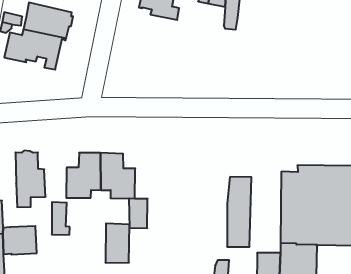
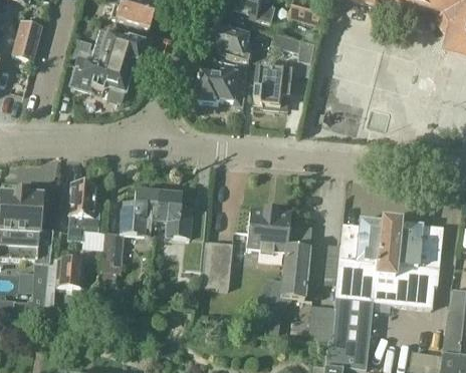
building: none -> [199,63,249,107]
building: none -> [255,65,295,106]
building: none -> [247,209,291,253]
building: [105,223,129,263] -> [205,246,233,288]

